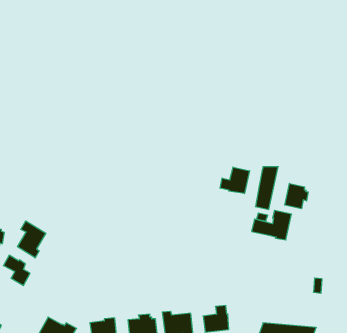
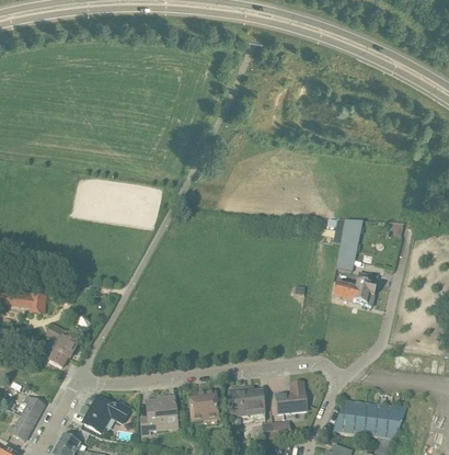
building: [220,167,250,194] -> none
building: [285,183,308,209] -> none
building: [17,221,46,258] -> none

